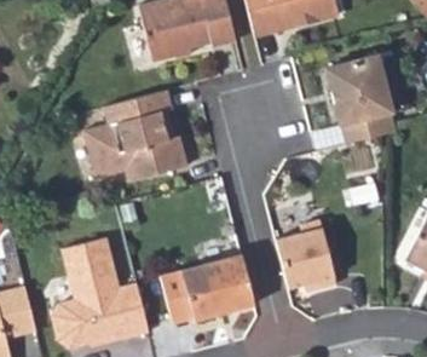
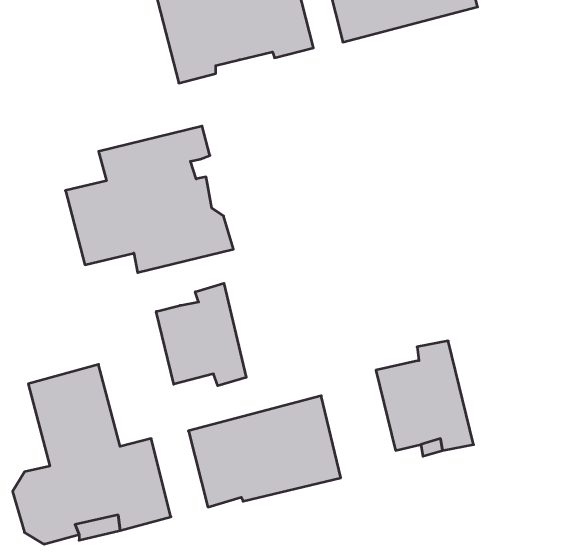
building: [327,56,396,144] -> none
building: none -> [156,283,246,386]

